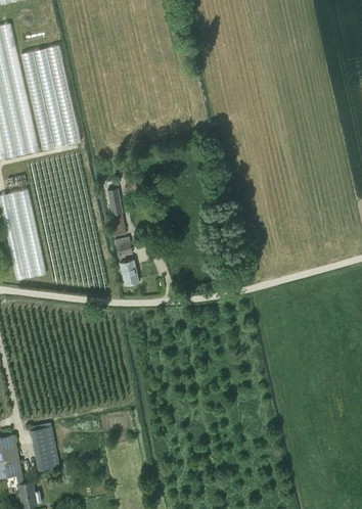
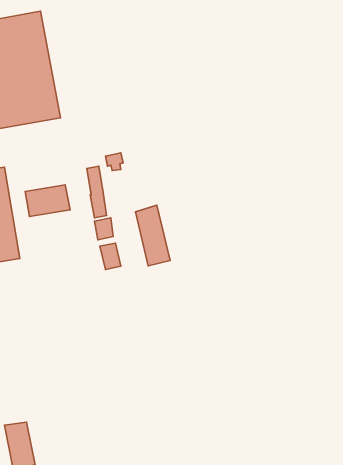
building: none -> [25,185,70,217]
building: none -> [135,205,170,266]

